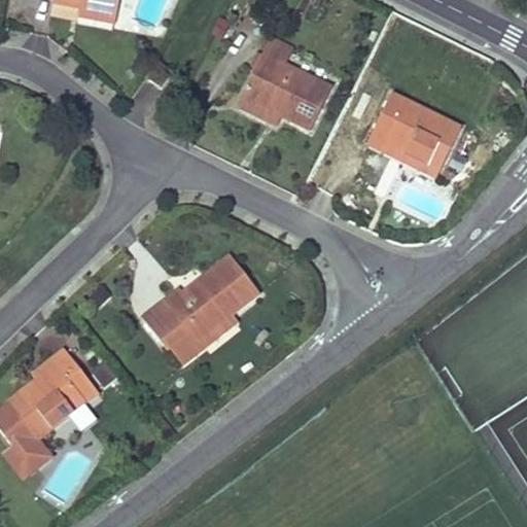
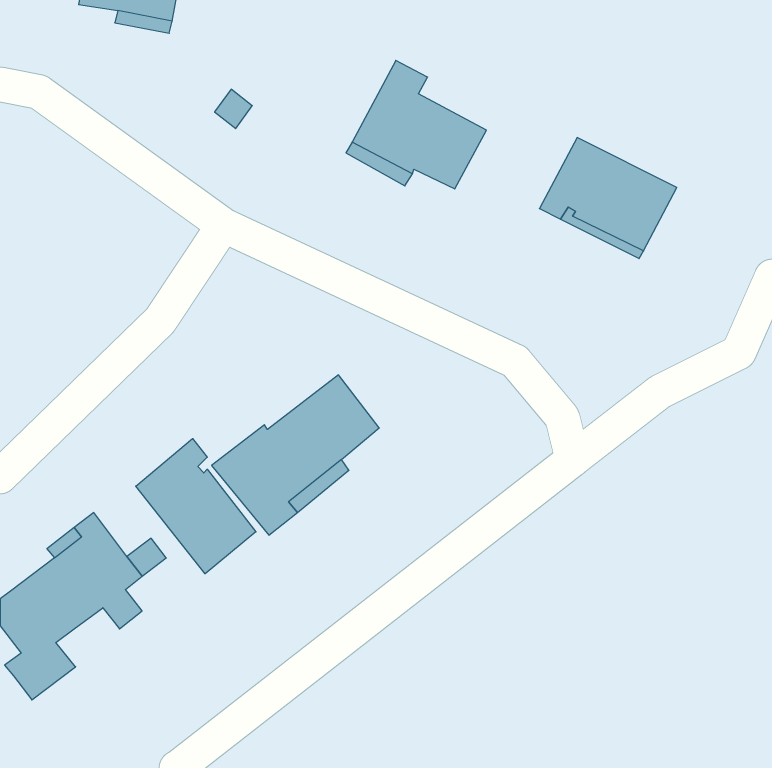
building: none -> [136,439,256,574]

